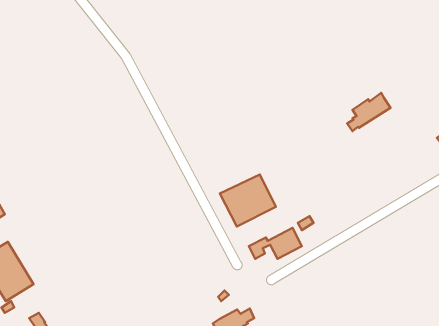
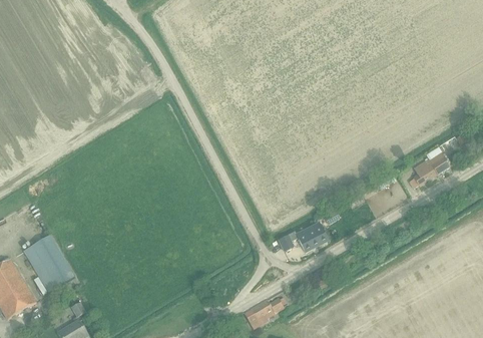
building: [347,93,391,131] -> [409,151,450,188]
building: [220,175,276,226] -> none

